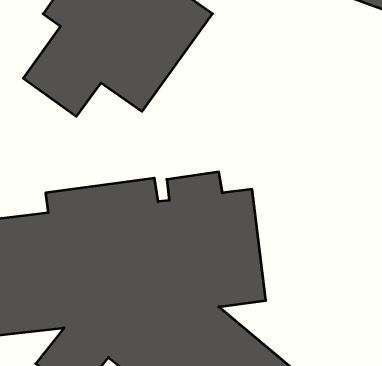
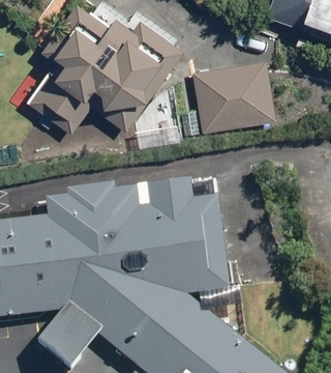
building: none -> [192,57,276,131]

